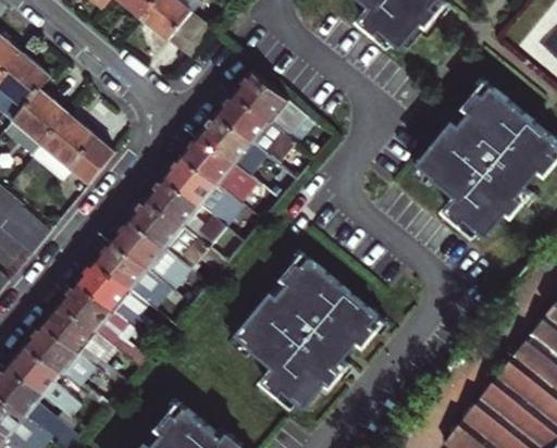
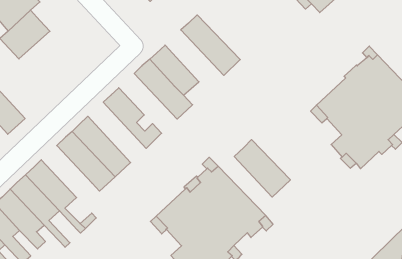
building: [218,91,297,164] -> none
building: [34,114,115,184] -> none
building: [165,154,245,226] -> none
building: [131,196,227,274] -> none
building: none -> [234,140,290,197]
building: [78,259,149,335] -> none

